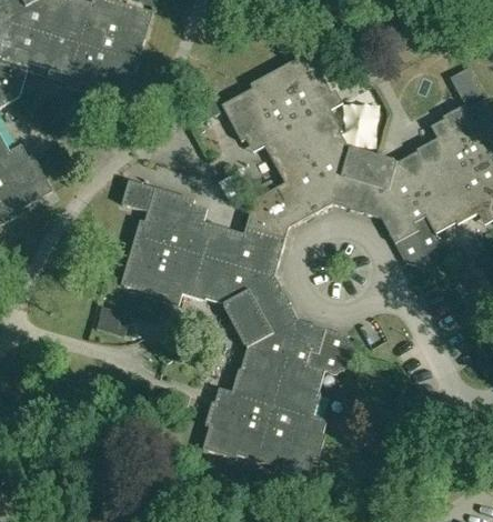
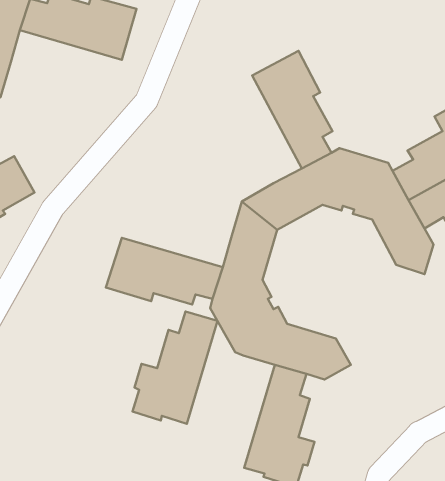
building: [27,32,135,109] -> none
building: [221,77,312,182] -> none
building: [121,180,243,264] -> none
building: [202,351,285,461] -> [132,312,217,424]

